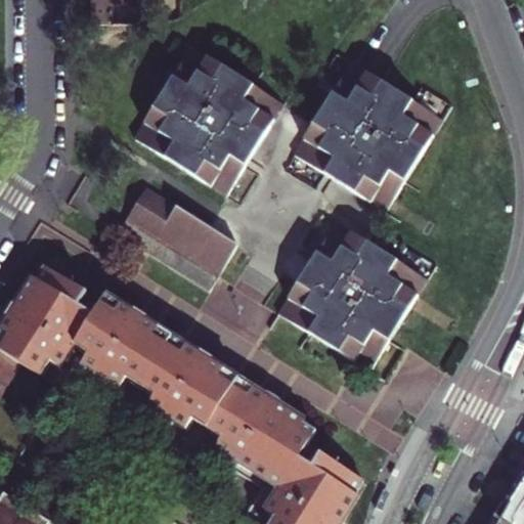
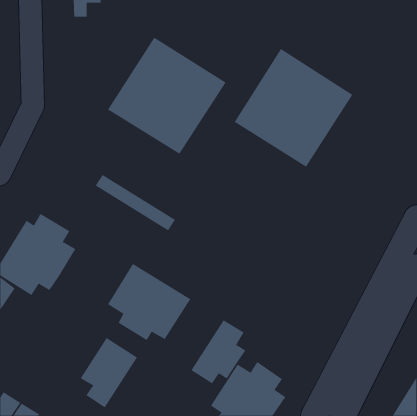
building: [128,186,239,275] -> none
building: [278,221,427,368] -> none
building: [75,293,166,388] -> none
building: [207,375,279,464] -> [80,337,138,408]

